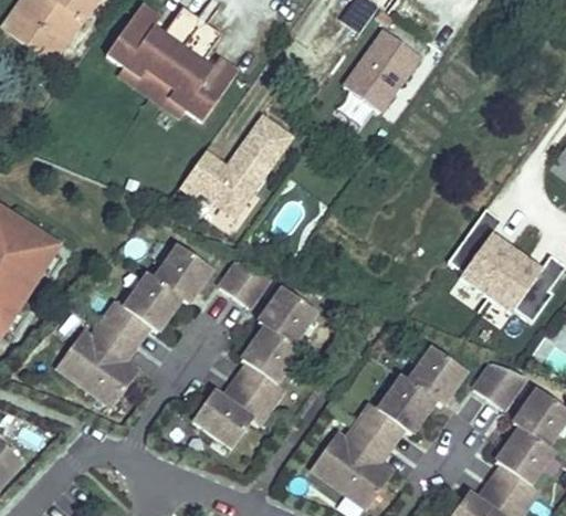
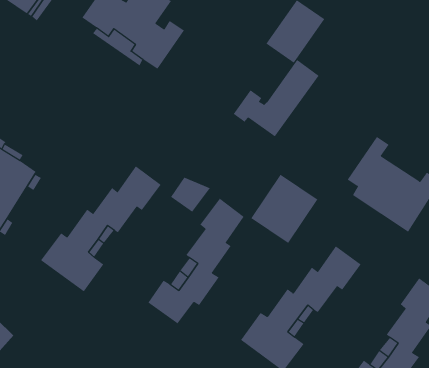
building: [178,119,289,219] -> [233,59,320,137]
building: none -> [251,174,318,244]
building: [476,360,527,406] -> none

